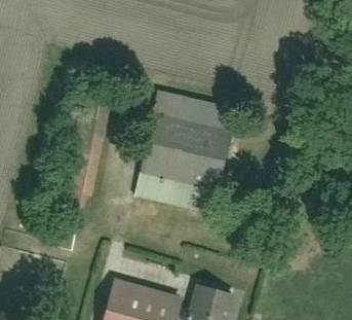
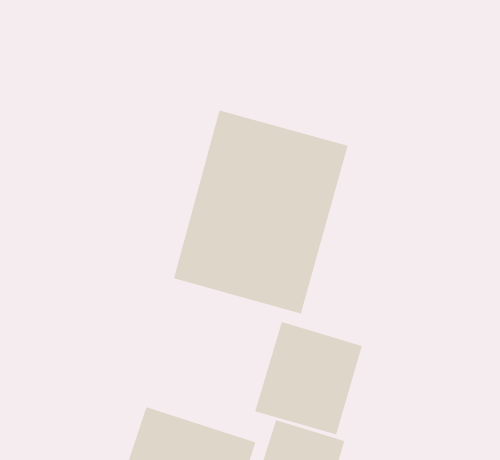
building: none -> [255,321,362,435]

